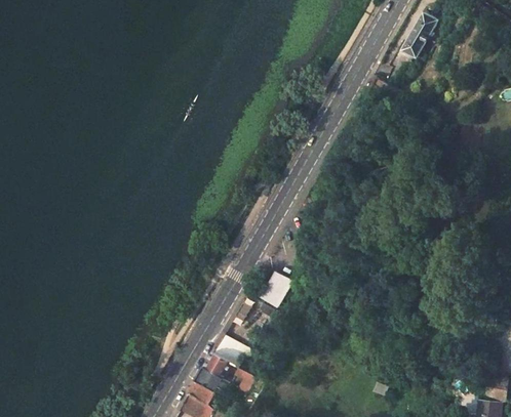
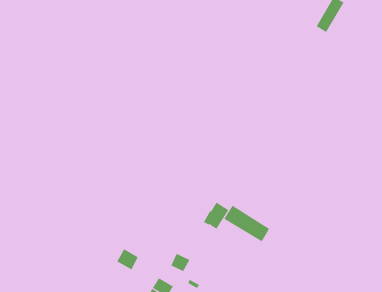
building: none -> [223,205,270,242]
building: [203,351,231,379] -> [116,248,138,270]

